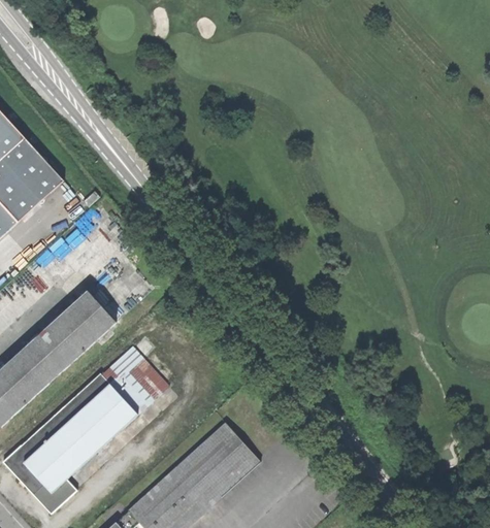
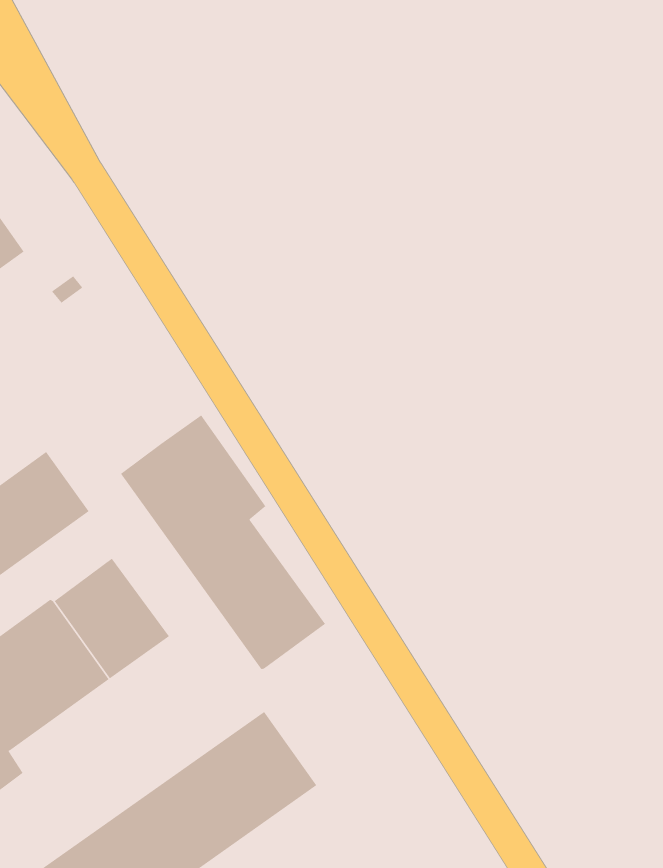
building: none -> [120,415,326,670]

